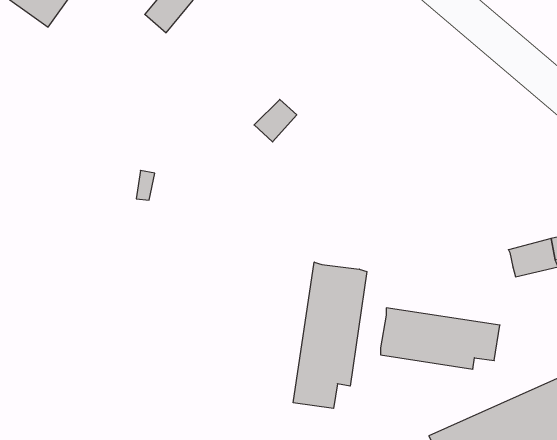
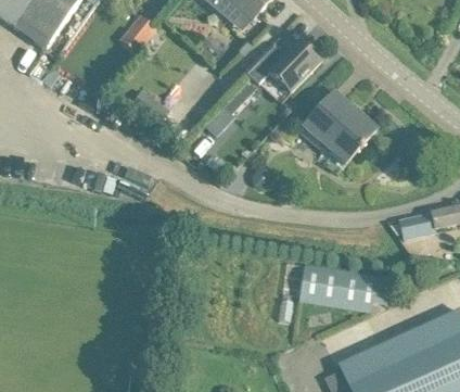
building: none -> [246,40,320,91]
building: none -> [298,91,376,168]
building: [293,262,367,408] -> none

